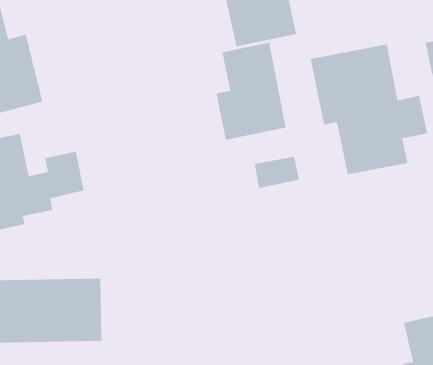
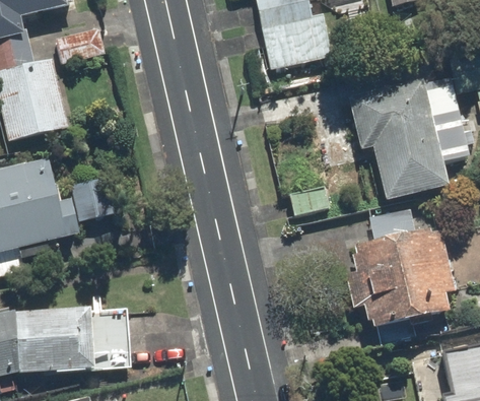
building: [216,42,286,141] -> none
building: none -> [344,201,456,329]

